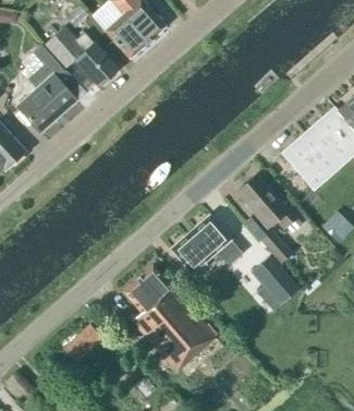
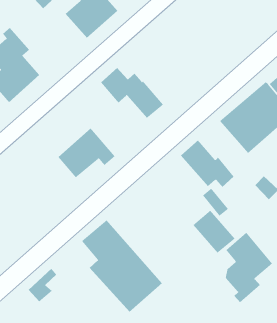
building: [45,27,118,86] -> [100,67,164,119]
building: [171,216,237,274] -> [58,128,116,178]
building: none -> [225,232,273,303]

